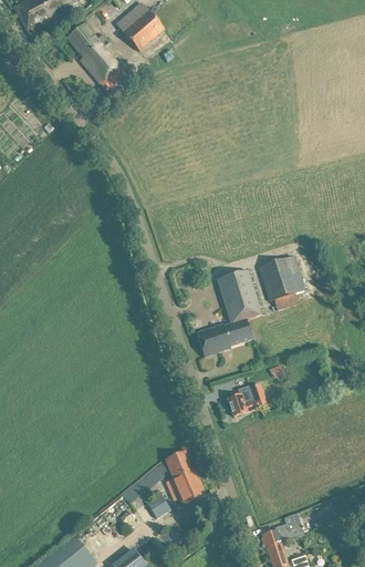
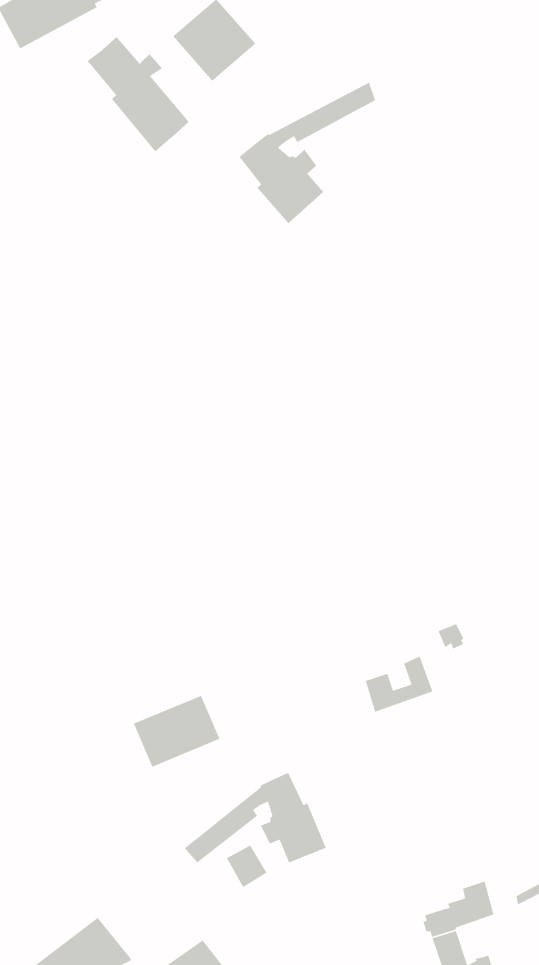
building: none -> [239,81,376,224]
building: [258,256,305,310] -> none
building: [196,269,261,357] -> none
building: none -> [133,695,220,768]

